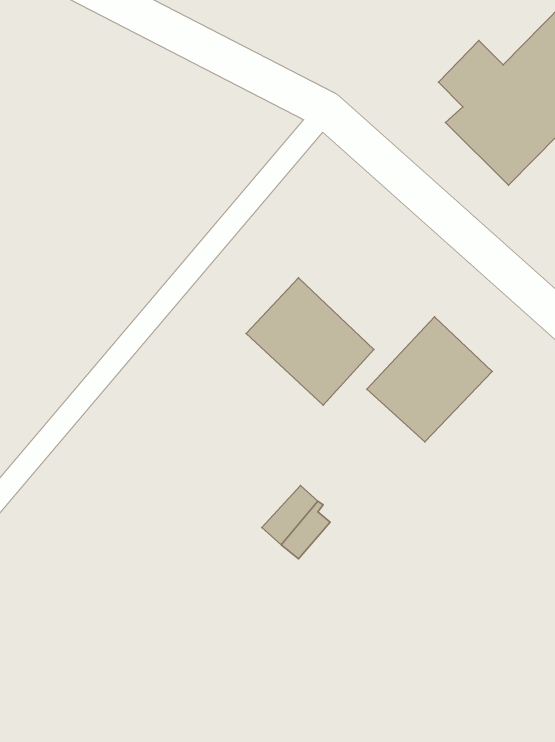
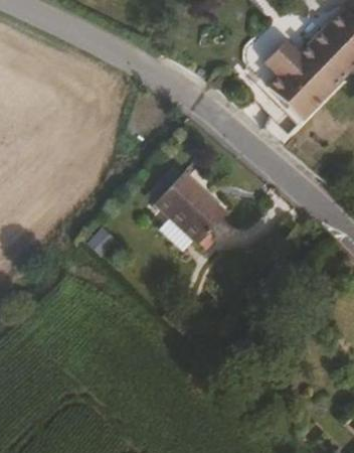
building: [367,317,492,442] -> none

